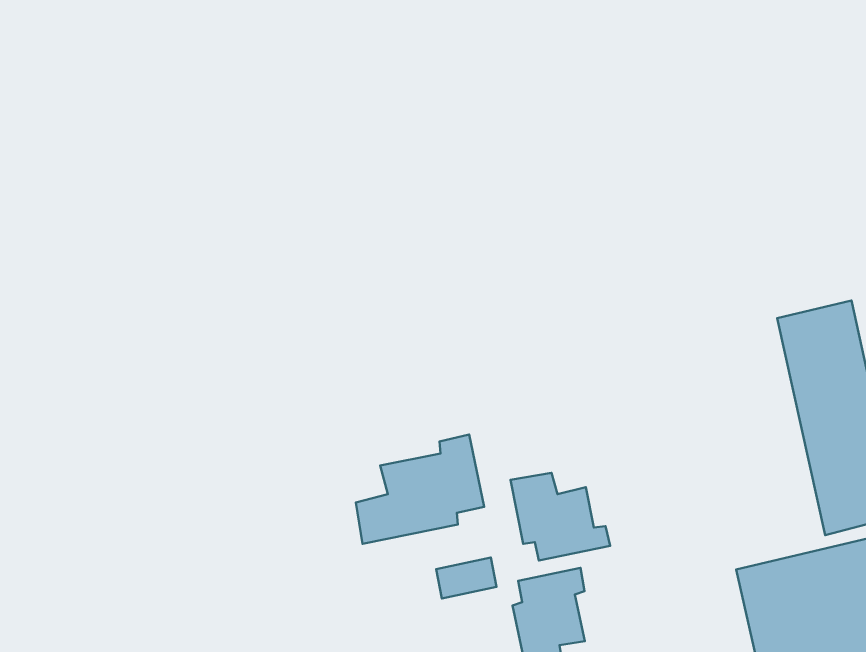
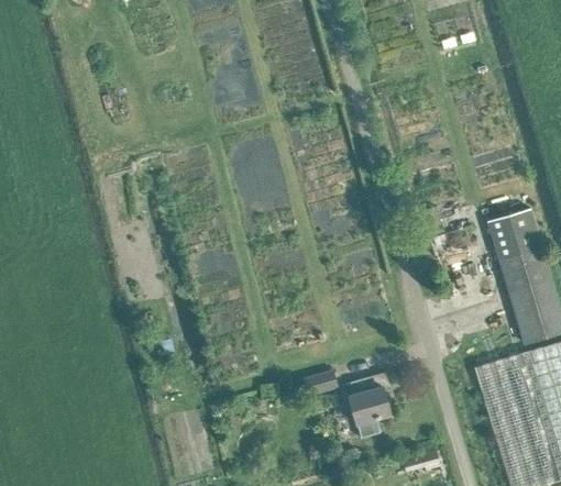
building: [356,435,484,544] -> none
building: [511,473,610,561] -> none

